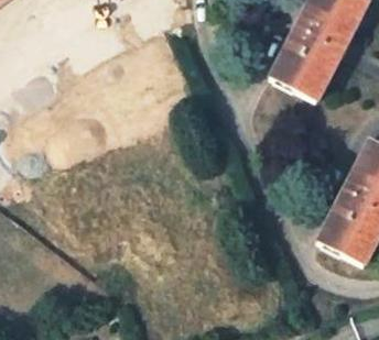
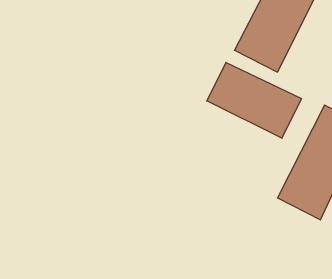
building: none -> [207,62,301,138]

